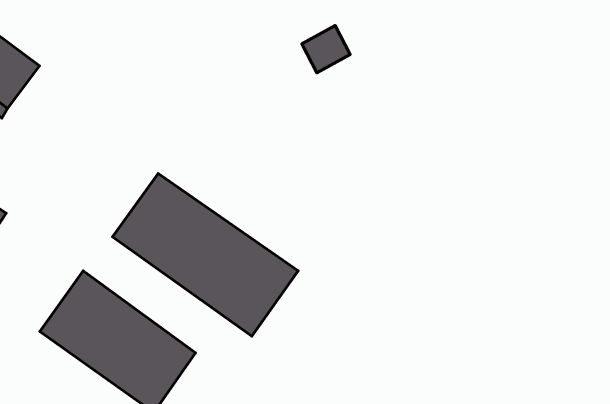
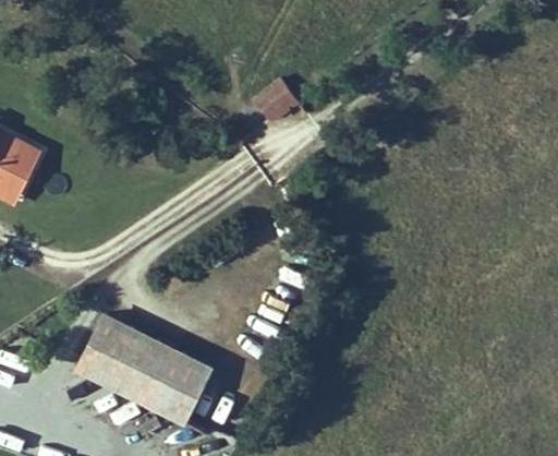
building: [112,173,298,336] -> none

